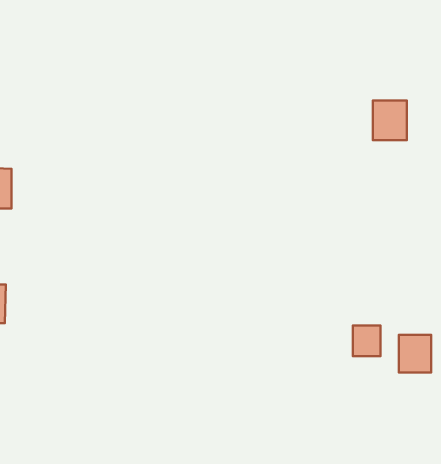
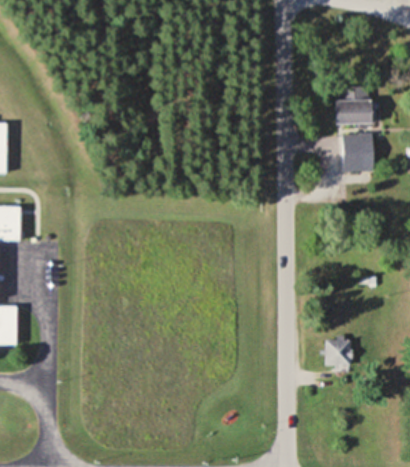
building: none -> [336,88,373,125]
building: [399,335,431,372] -> none

